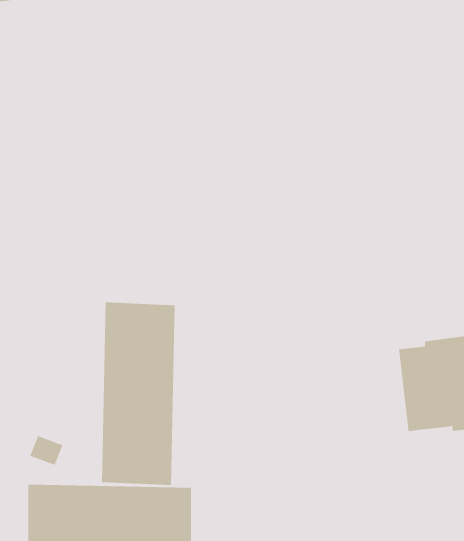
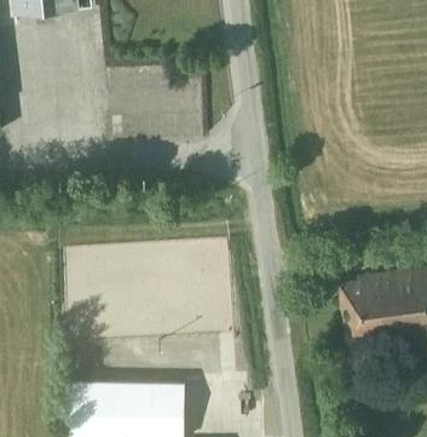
building: [101,302,176,486] -> none

